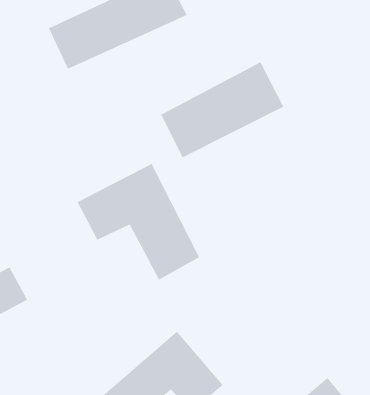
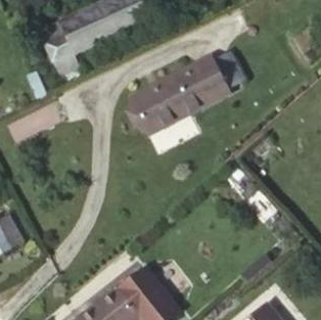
building: [77,163,200,280] -> none

